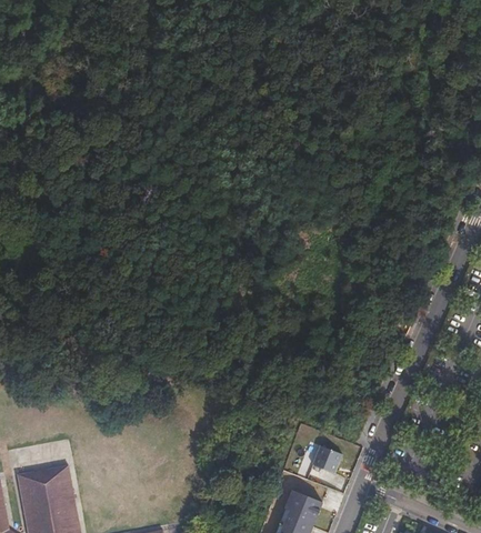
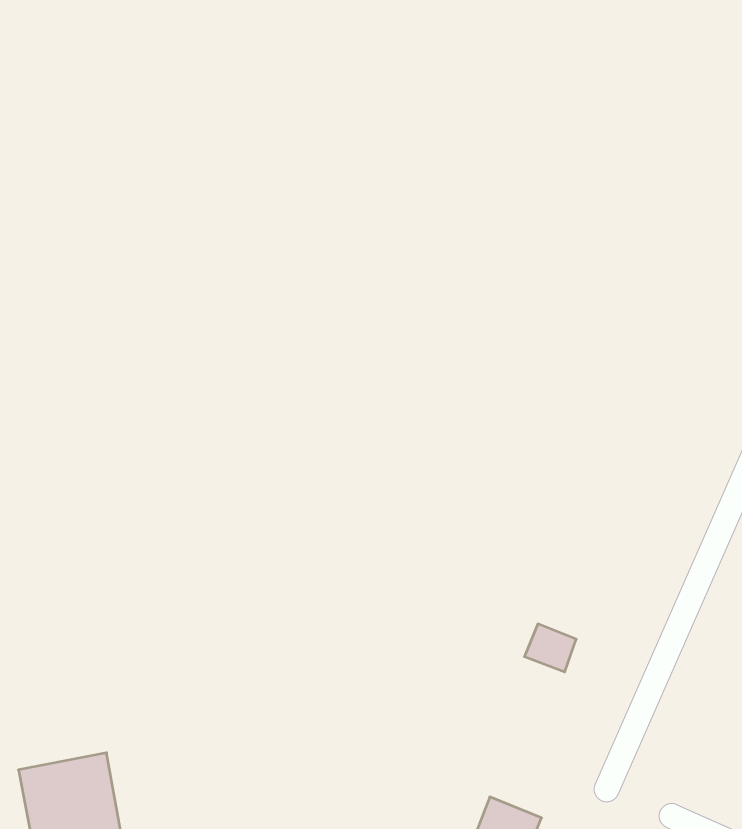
building: [309,444,339,472] -> [524,624,576,672]

